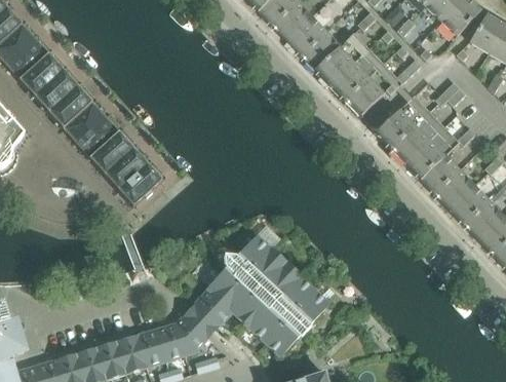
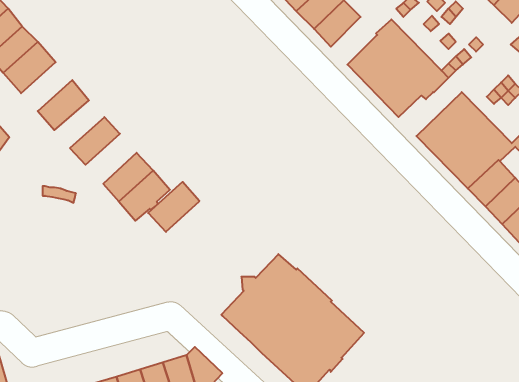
building: [301,31,341,72] -> none
building: [34,70,78,112] -> none
building: [63,103,106,144] -> none
building: [89,131,133,175] -> [148,182,199,232]
building: [193,289,232,327] -> none

